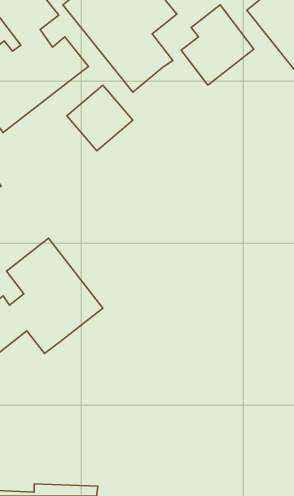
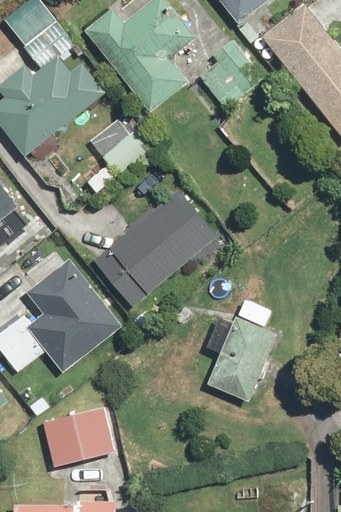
building: none -> [91,186,218,307]
building: none -> [207,314,279,405]
building: none -> [38,408,113,470]

